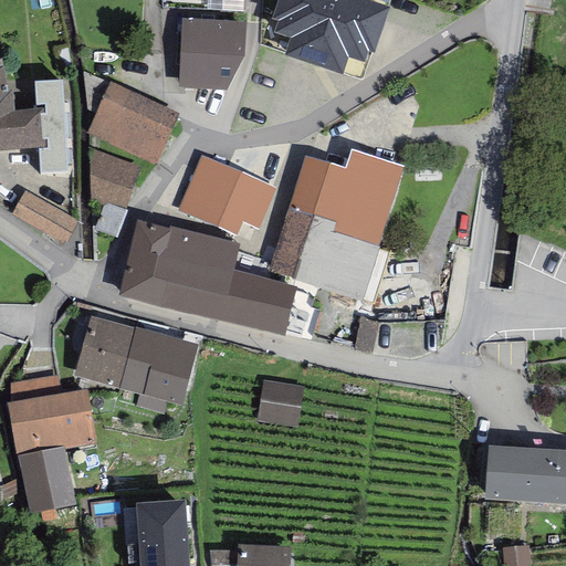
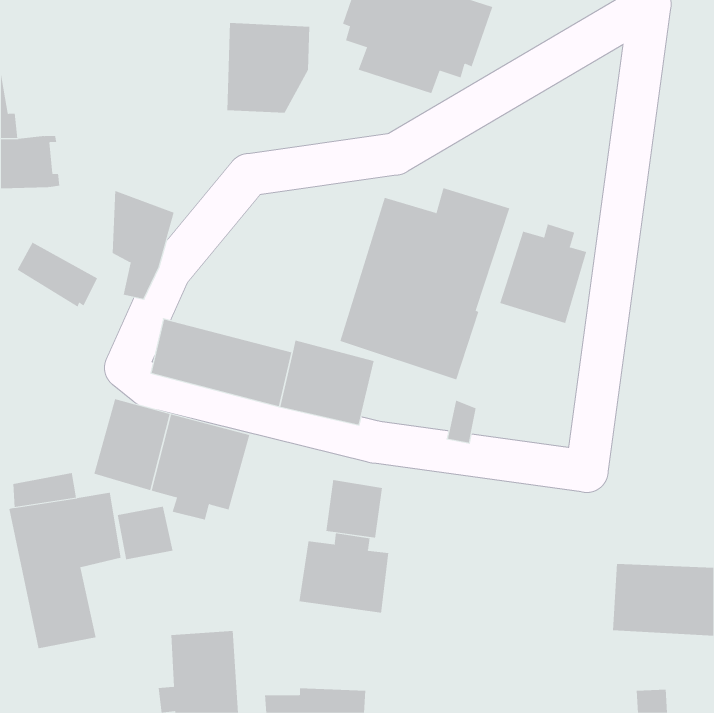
building: [33,80,66,172] -> none
building: [86,84,178,165] -> none
building: [178,155,275,234] -> none
building: none -> [500,223,587,324]
building: [129,219,239,279] -> none
building: none -> [117,506,173,560]
building: none -> [299,533,389,613]

